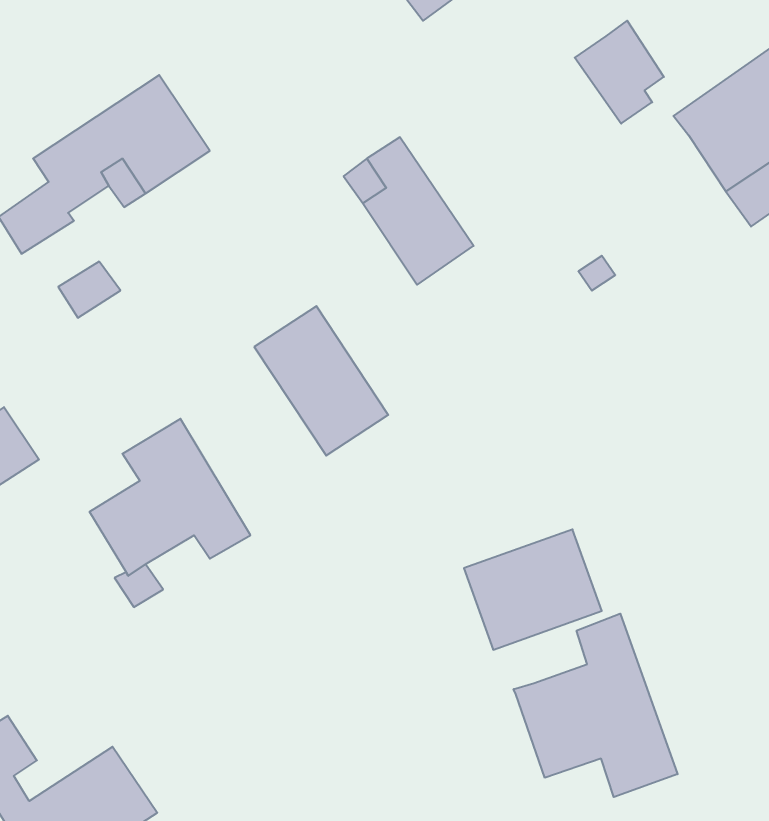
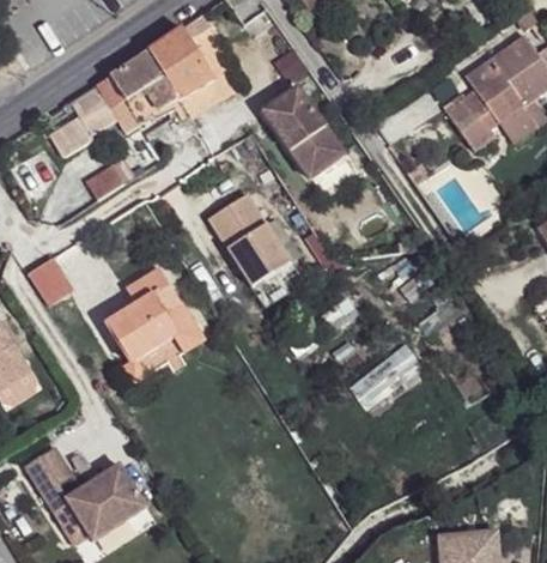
building: [575,21,664,124] -> [443,87,498,151]
building: none -> [148,28,212,97]
building: [514,614,678,797] -> none

